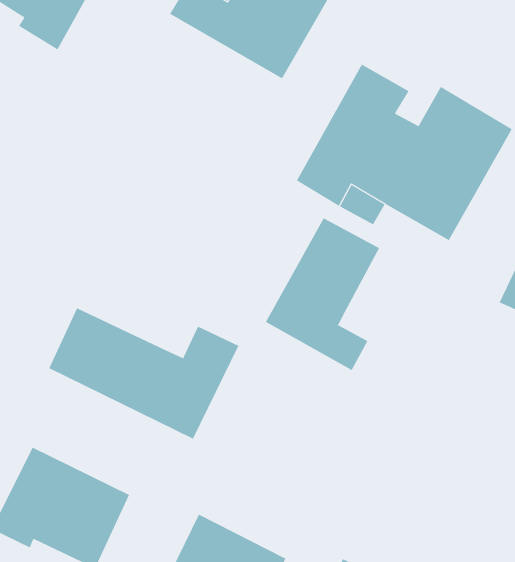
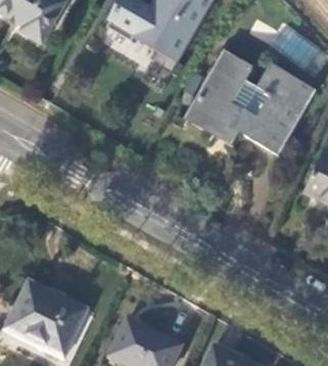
building: [265,218,380,371] -> none
building: [49,308,239,439] -> none

